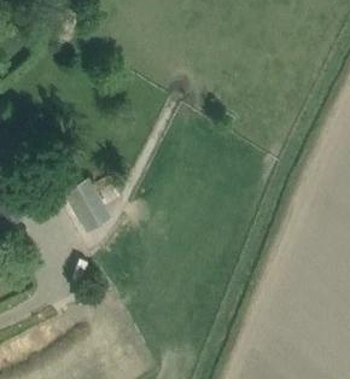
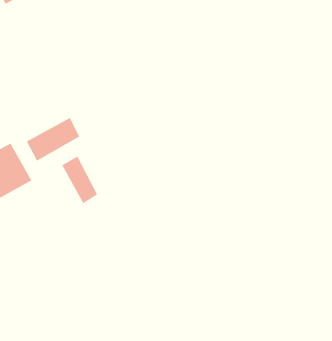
building: none -> [26,117,80,161]

